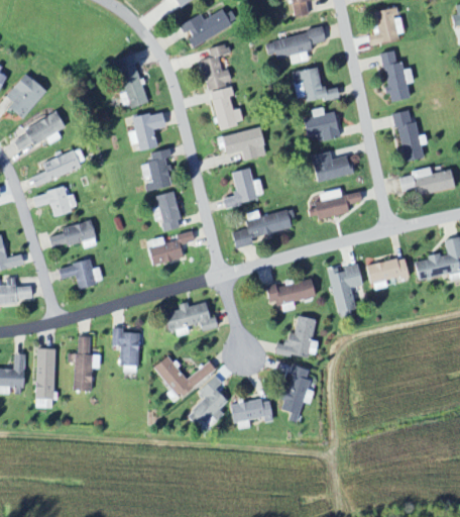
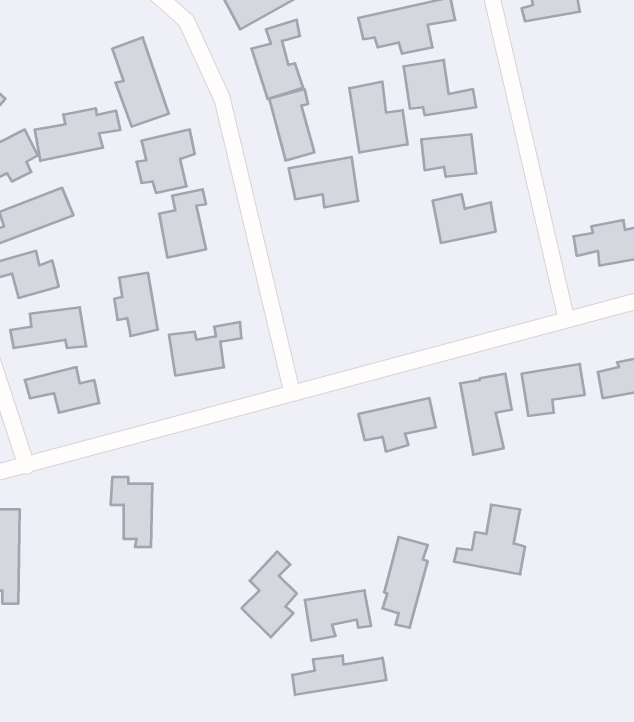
building: [381,49,410,101] -> none
building: none -> [349,82,407,153]
building: none -> [35,108,120,161]
building: [395,109,424,162] -> none
building: [223,167,266,206] -> none
building: [153,191,181,230] -> [114,273,158,336]
building: [315,192,361,218] -> none
building: [232,209,292,247] -> none
building: [163,301,217,335] -> none
building: [275,315,320,358] -> [454,505,525,574]
building: [69,335,102,390] -> none
building: [155,354,217,398] -> none
building: none -> [292,655,386,695]

